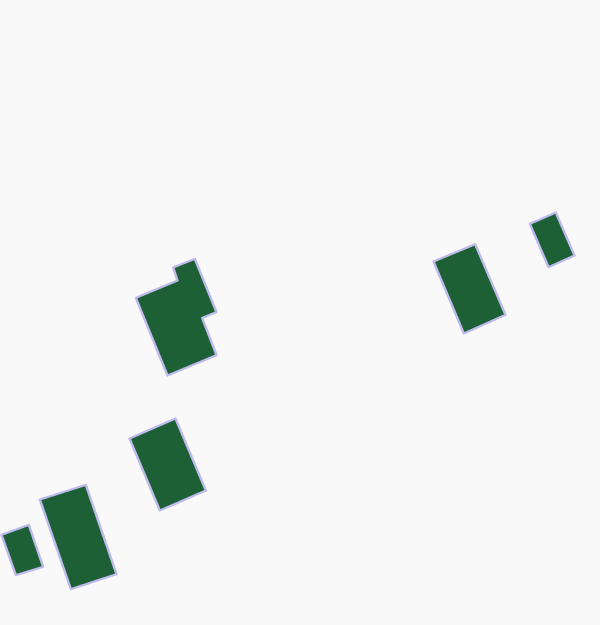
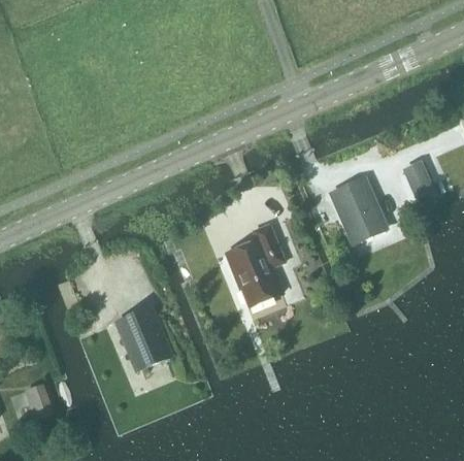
building: [136,259,217,375] -> [227,225,285,308]
building: [40,485,117,589] -> none

